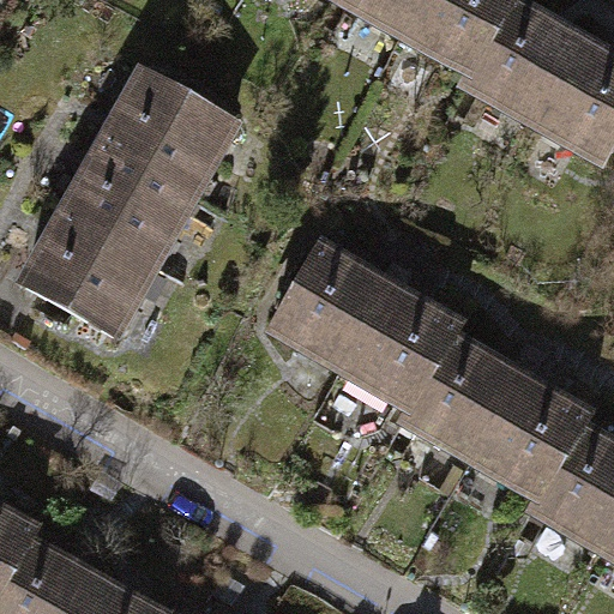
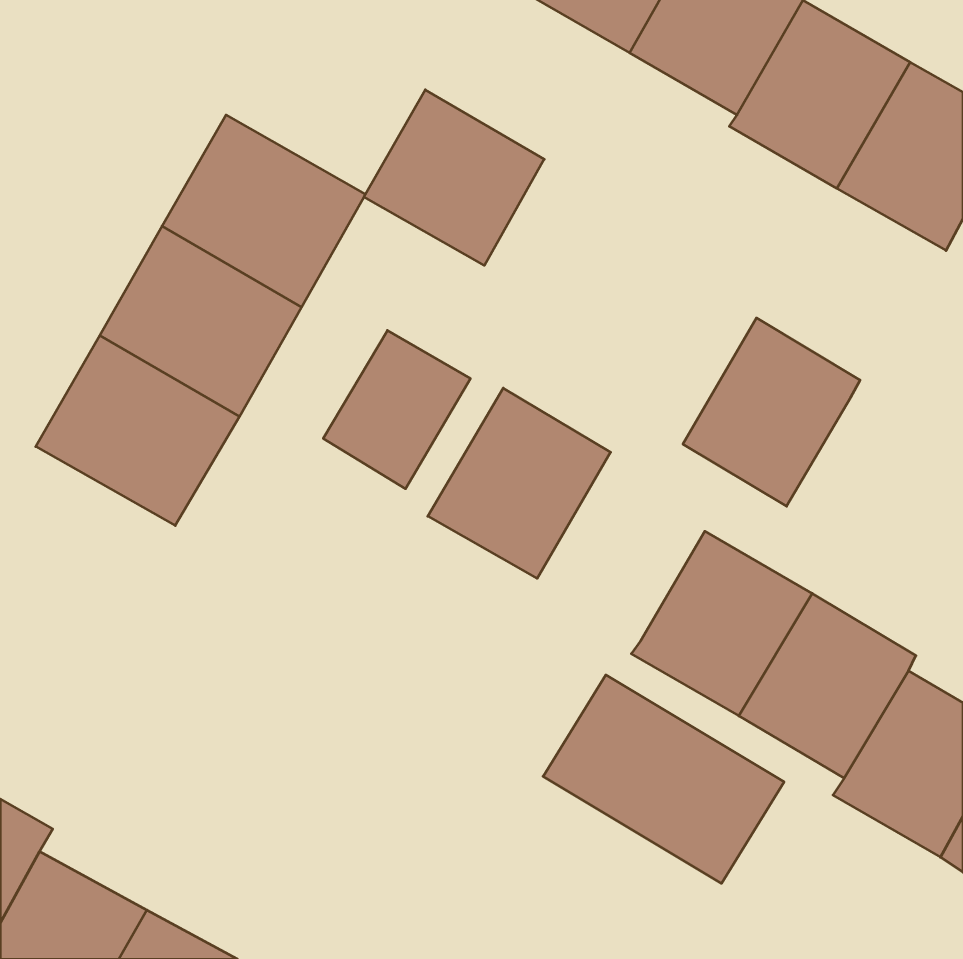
building: none -> [364,90,544,265]
building: none -> [323,330,470,489]
building: [342,288,455,408] -> [683,318,860,506]
building: none -> [543,675,784,883]

